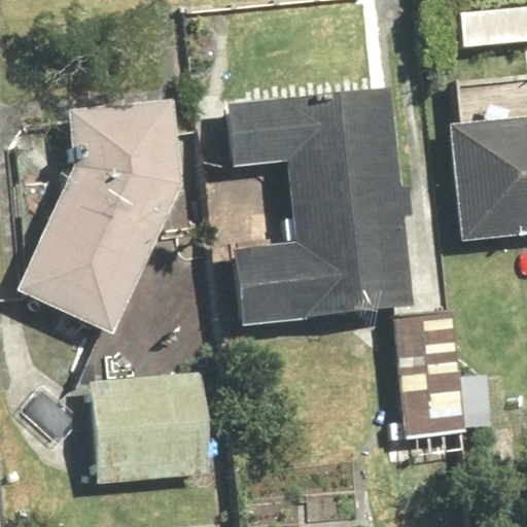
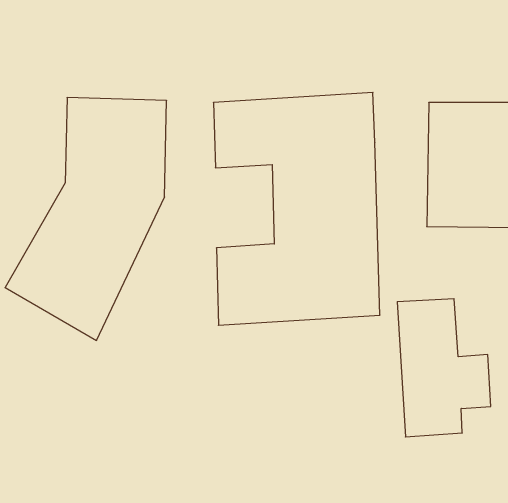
building: [87,365,208,472] -> none

